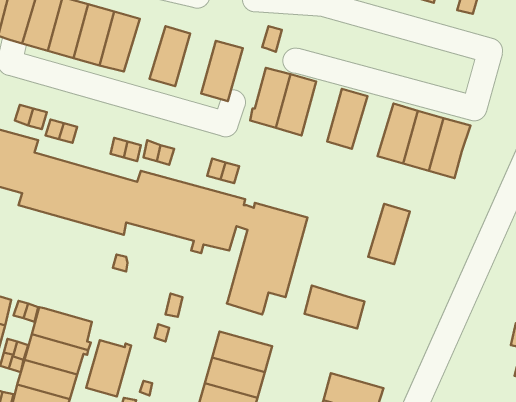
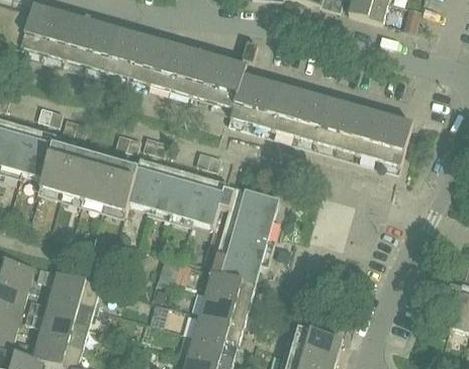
building: none -> [126,33,161,83]
building: none -> [169,45,202,95]
building: none -> [212,58,247,107]
building: none -> [273,85,306,134]
building: [368,204,410,264] -> [314,97,349,147]
building: [304,286,364,328] -> [205,268,255,303]
building: [86,340,131,396] -> none

